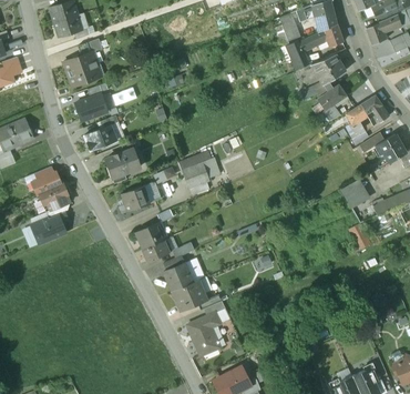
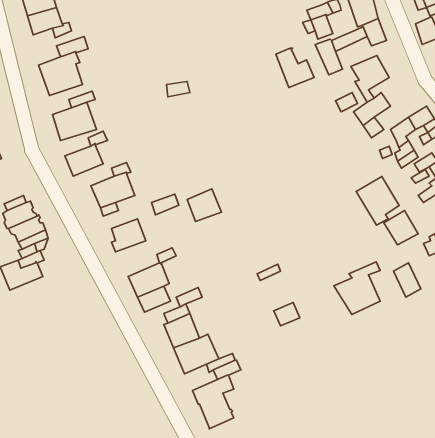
building: none -> [276,48,314,88]
building: none -> [356,176,399,225]
building: none -> [334,262,380,314]

